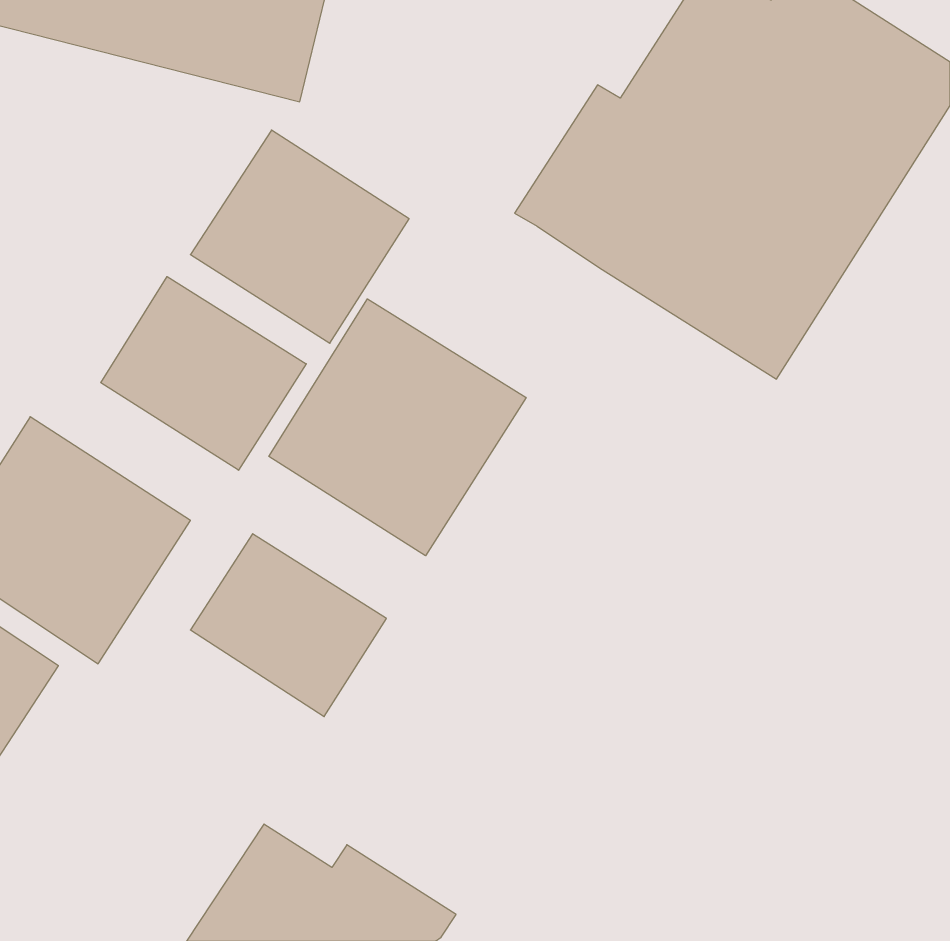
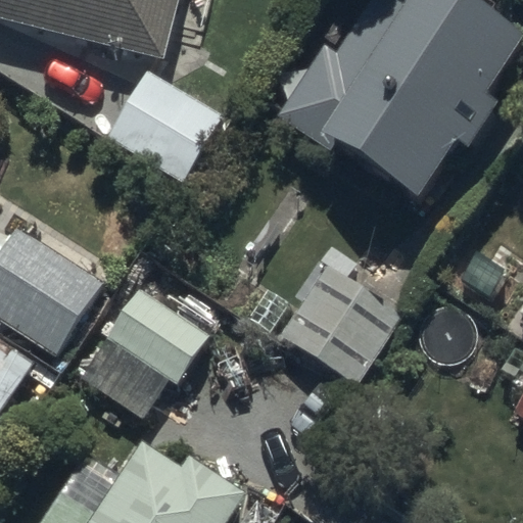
building: [101,277,306,470] -> none
building: [269,299,526,556] -> none
building: none -> [278,267,398,385]

